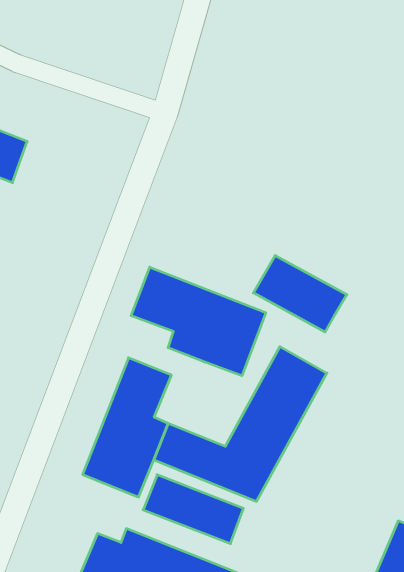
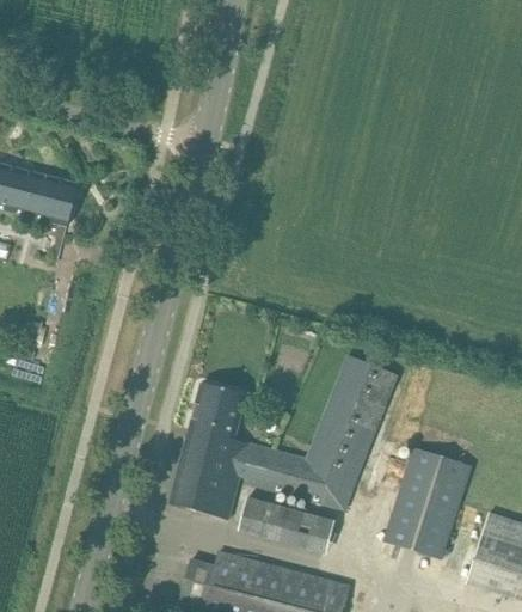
building: [253,255,347,332] -> none
building: [131,267,266,376] -> none
building: none -> [385,447,472,558]

